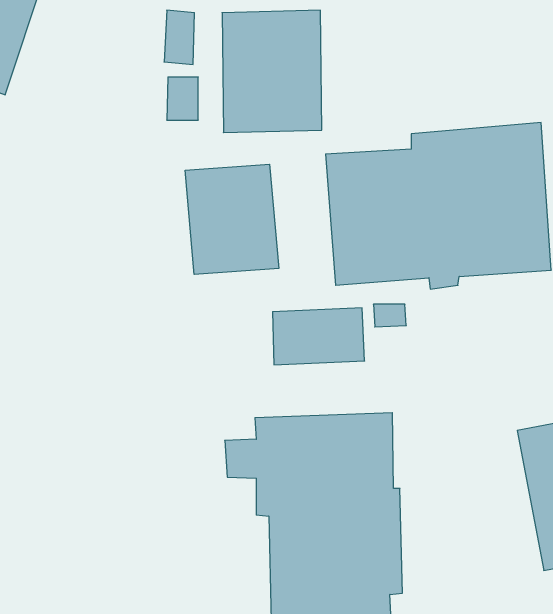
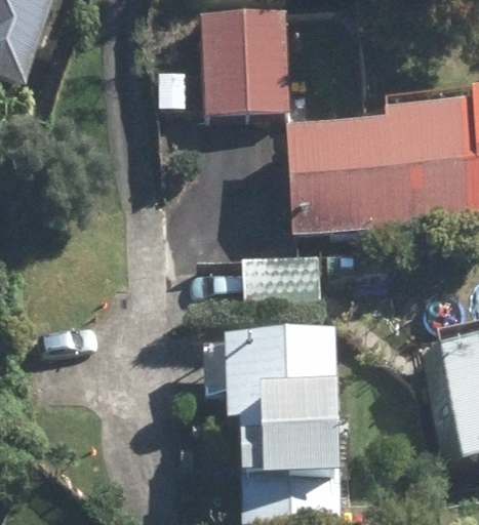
building: [185,164,279,274] -> none

